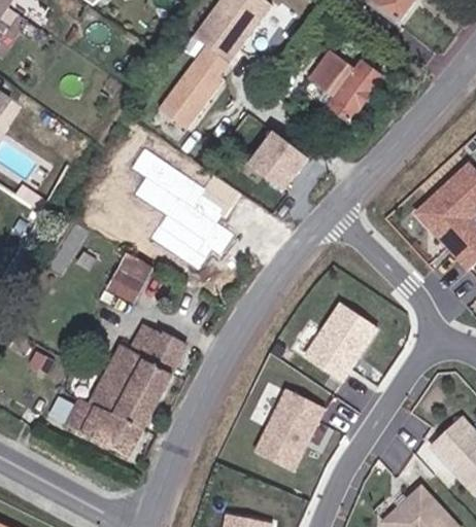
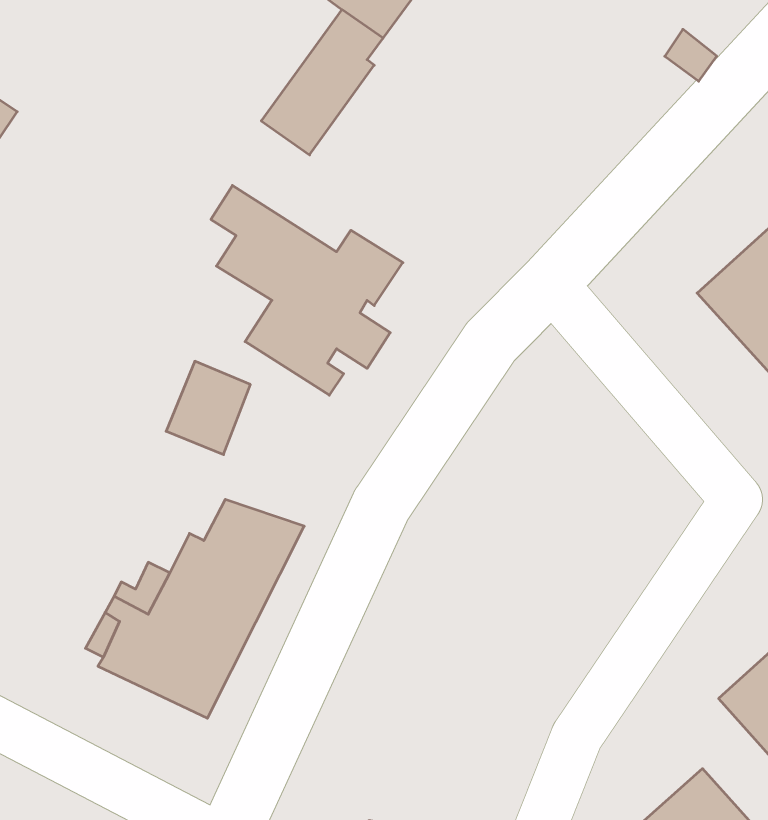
building: [306,54,382,120] -> none
building: [250,134,309,192] -> none
building: [305,298,379,378] -> none
building: [256,384,325,465] -> none

